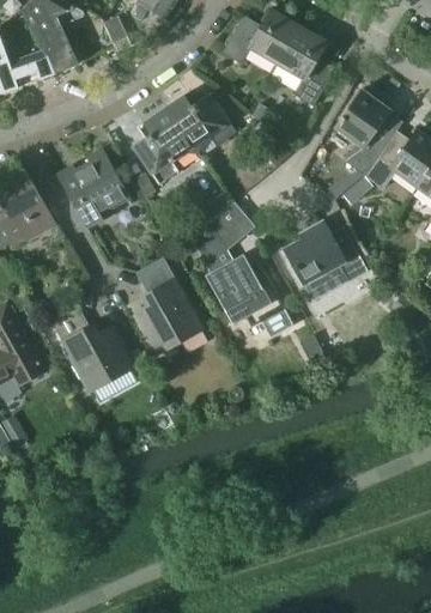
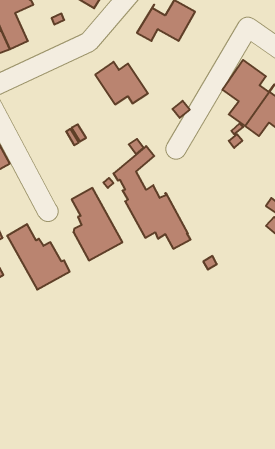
building: [277,25,335,105] -> none
building: [132,108,193,184] -> none
building: [56,148,133,229] -> none
building: [283,220,368,302] -> none

